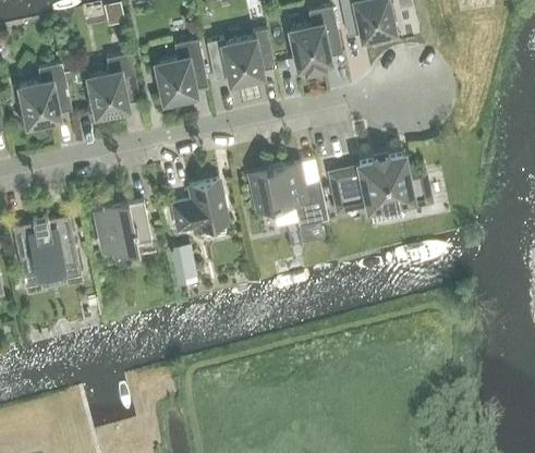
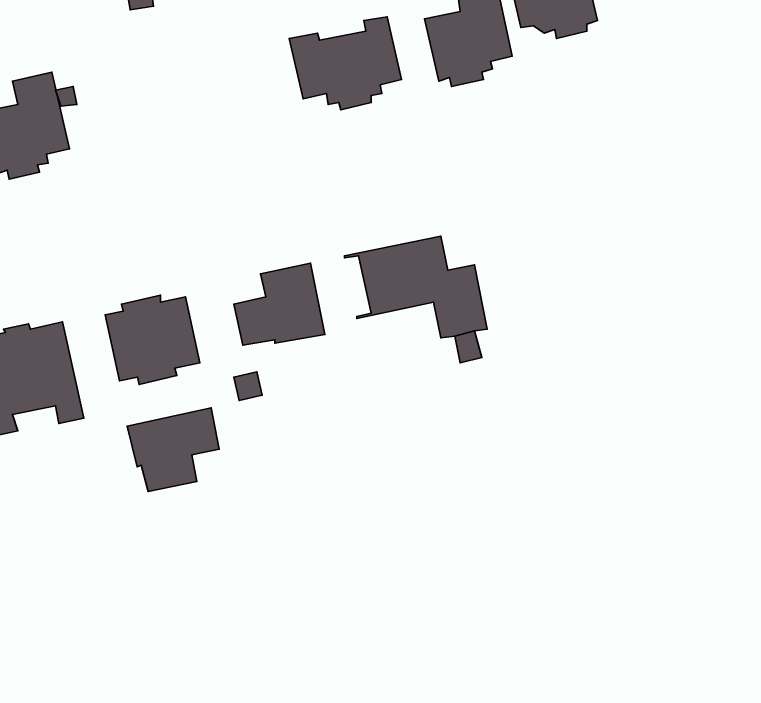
building: [155,40,208,106] -> none
building: [87,54,139,120] -> none
building: [331,156,429,221] -> none
building: none -> [127,408,219,491]

